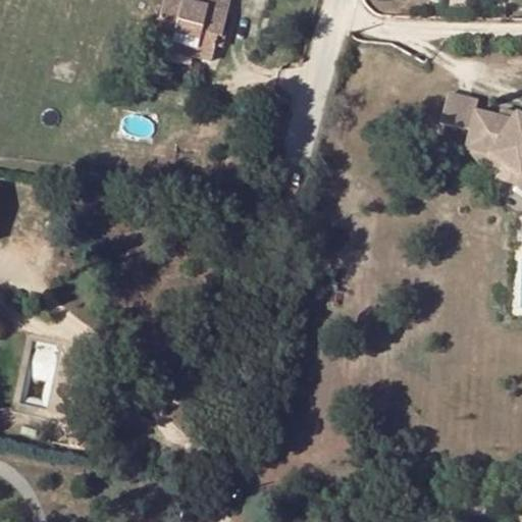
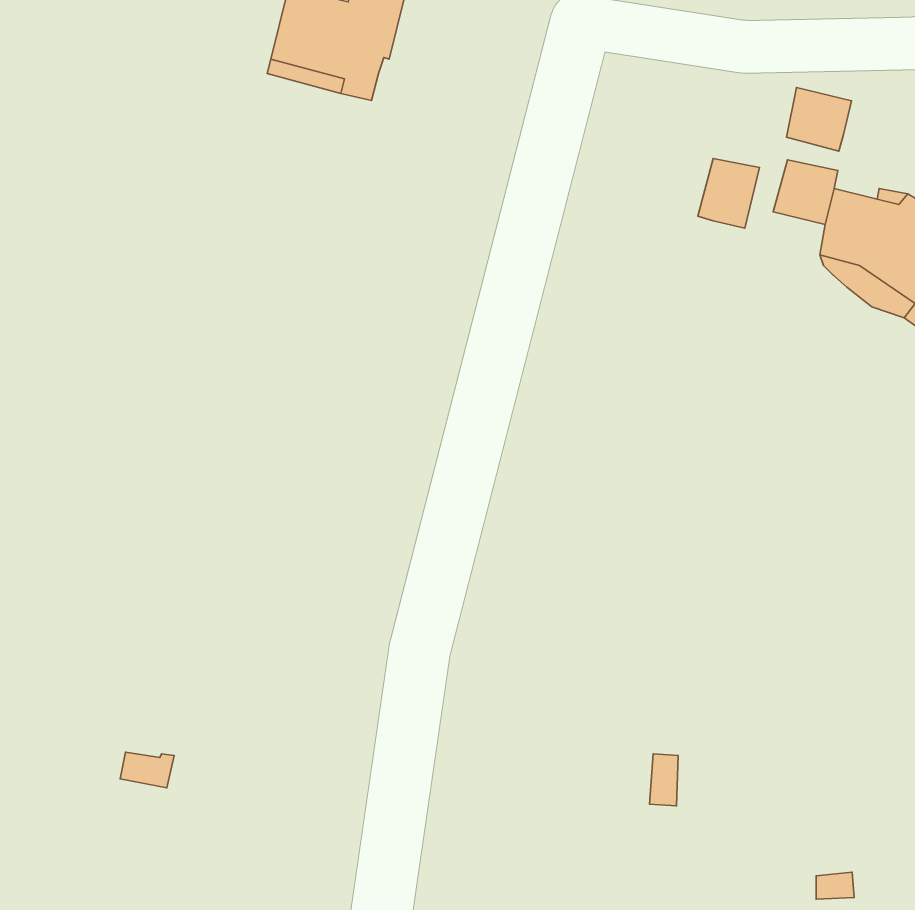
building: none -> [786,87,851,151]
building: none -> [698,158,759,228]

